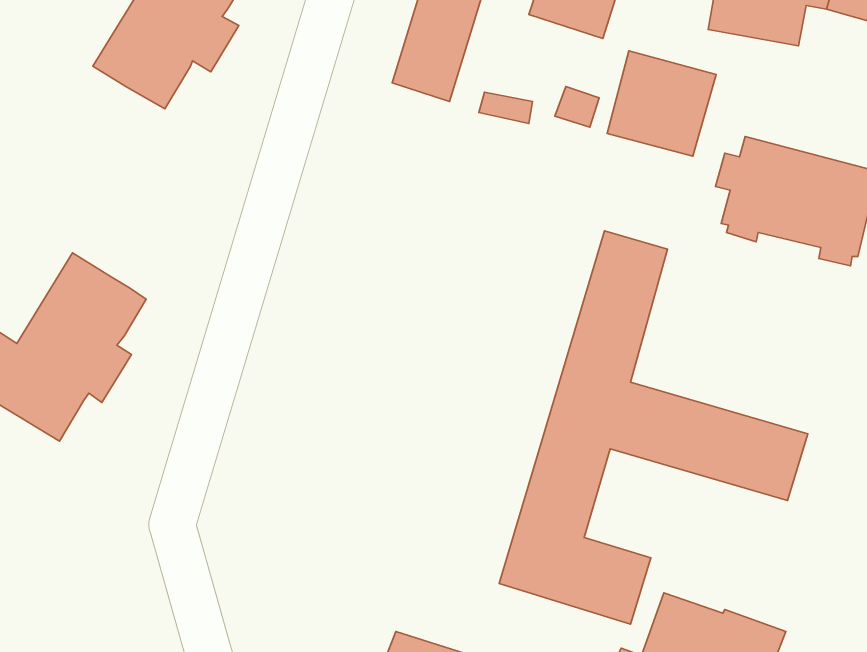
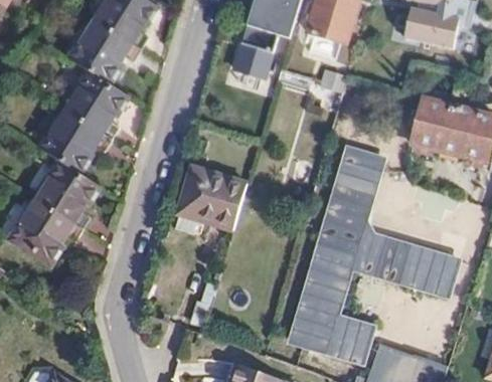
building: [607,51,716,156] -> none
building: none -> [38,69,129,173]
building: none -> [175,164,247,233]

